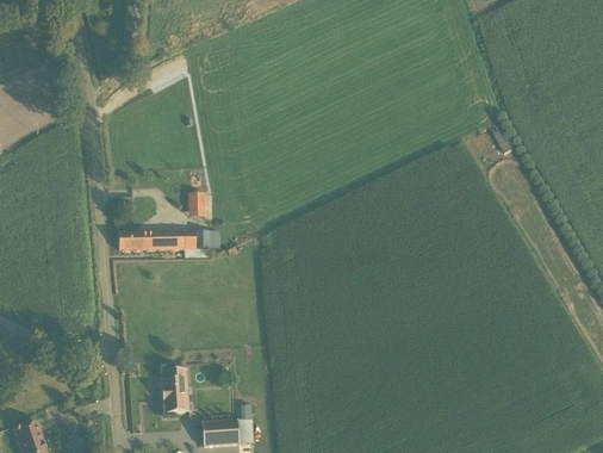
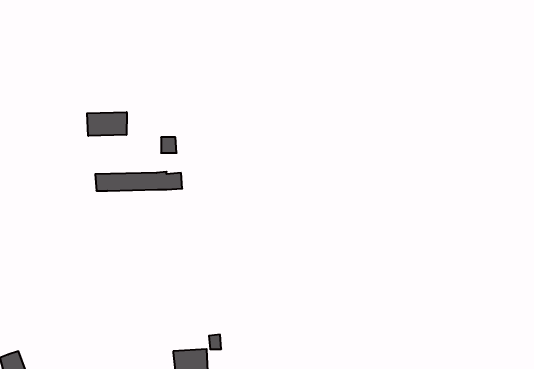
building: none -> [87,112,127,136]
building: [163,367,188,411] -> none

